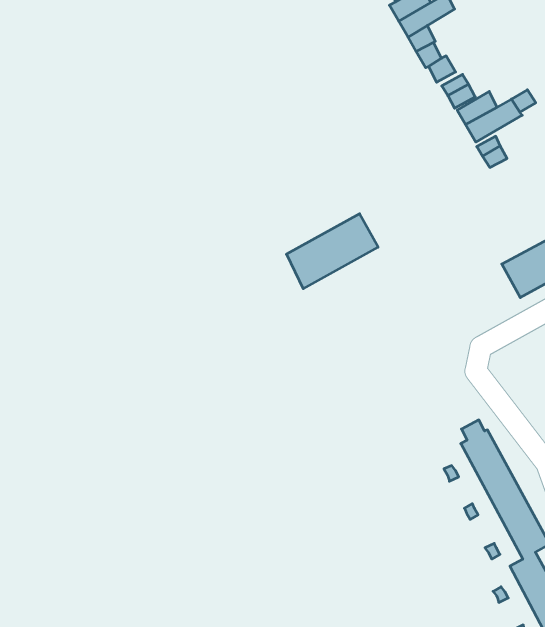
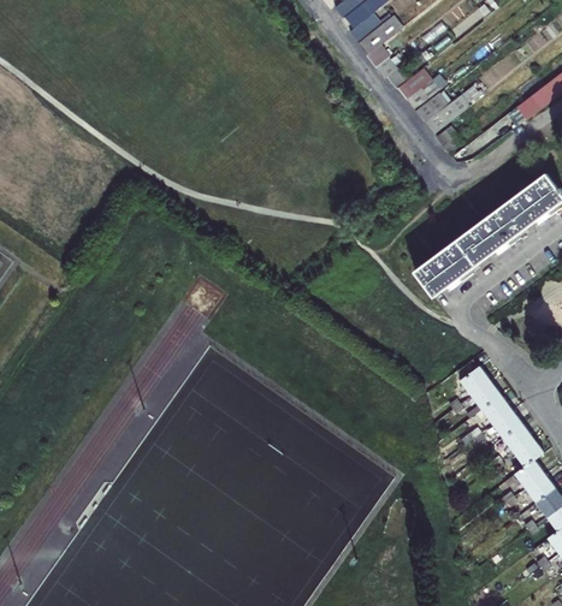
building: [286,214,378,289] -> [416,228,491,297]

